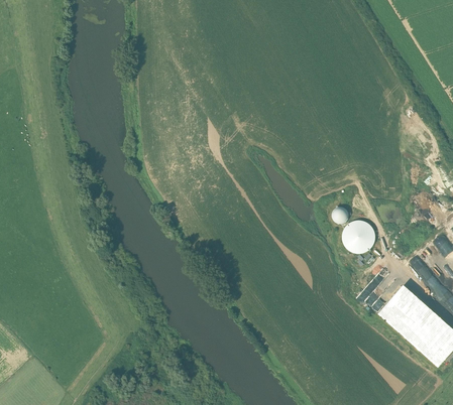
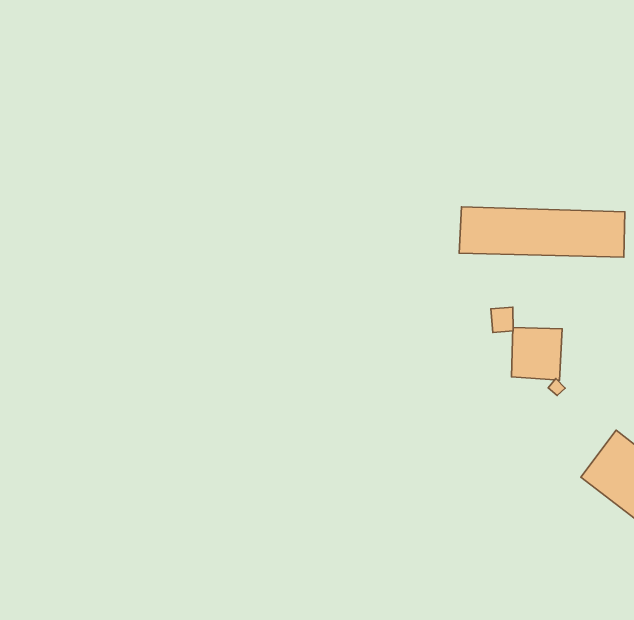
building: none -> [459,207,625,257]

